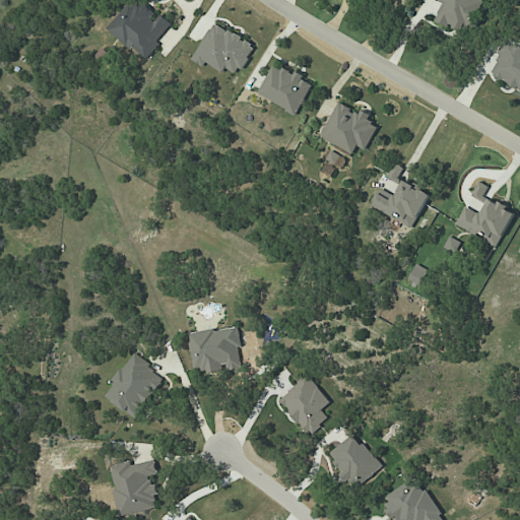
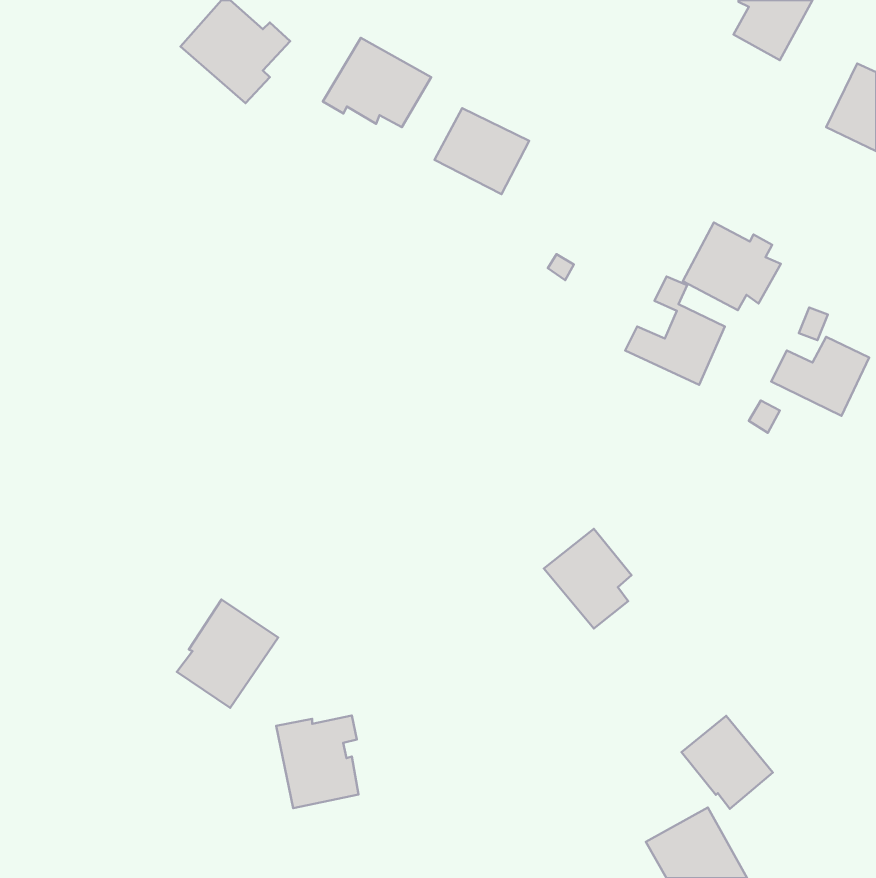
building: [320,103,378,154] -> [683,223,781,310]
building: [187,327,242,374] -> none
building: [278,376,330,435] -> [544,529,632,628]
building: [327,434,381,489] -> [682,716,773,809]
building: [110,460,158,515] -> [276,715,359,808]

